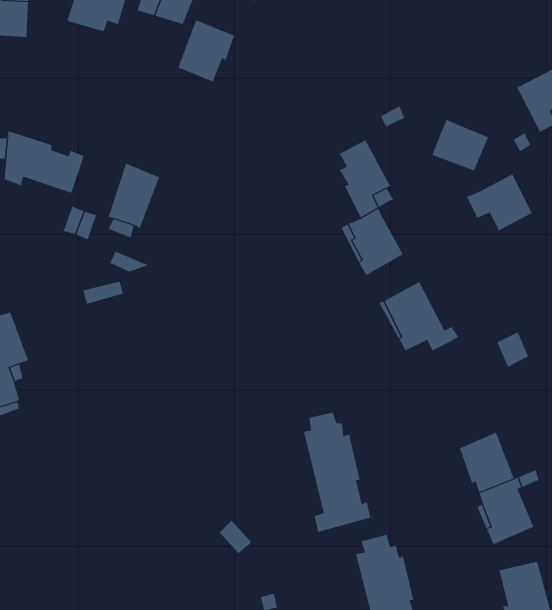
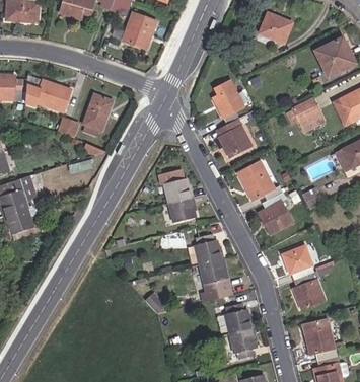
building: [431,119,489,171] -> [259,12,291,42]
building: none -> [158,169,196,223]
building: none -> [258,195,291,234]

